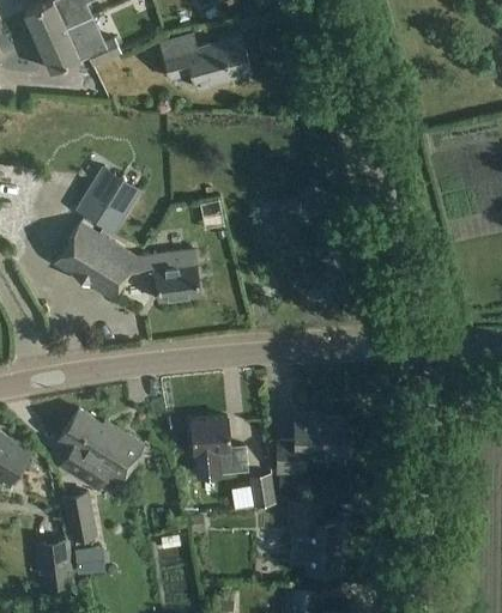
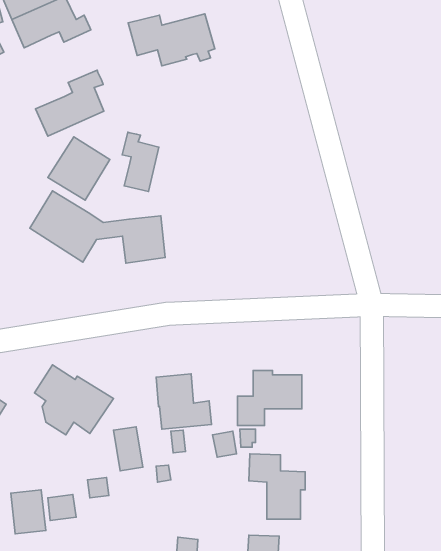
building: none -> [35,70,104,136]
building: none -> [122,132,159,191]
building: [62,493,93,540] -> [114,427,143,471]

